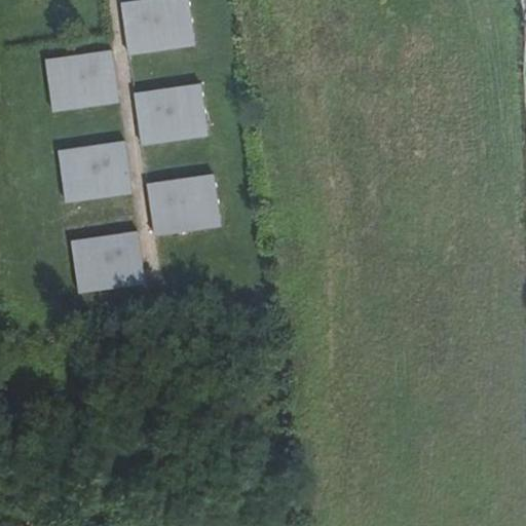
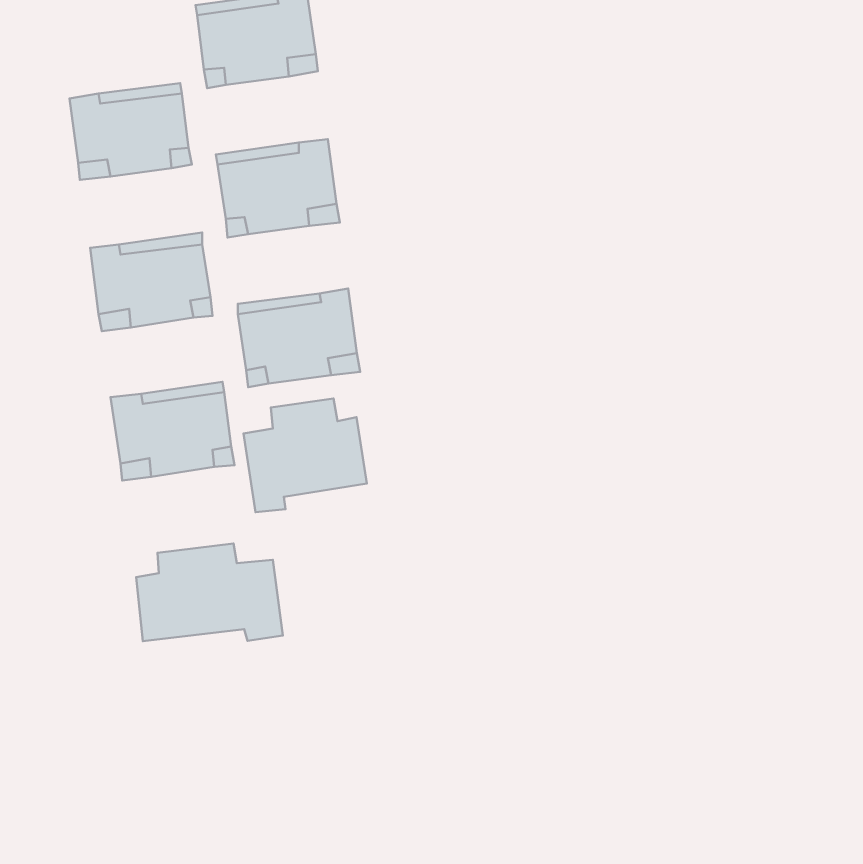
building: none -> [244,399,367,512]
building: none -> [136,543,283,641]

